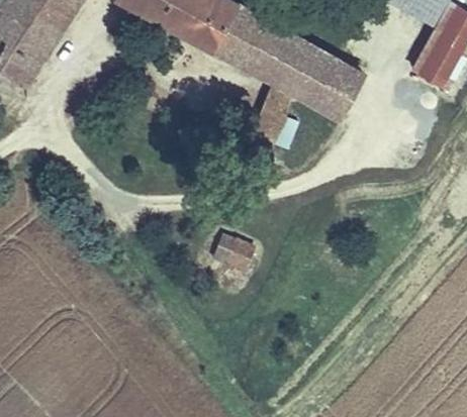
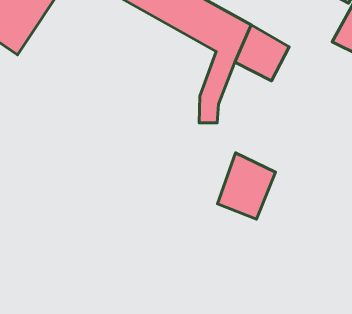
building: none -> [217,153,275,219]
building: [213,236,255,273] -> none

